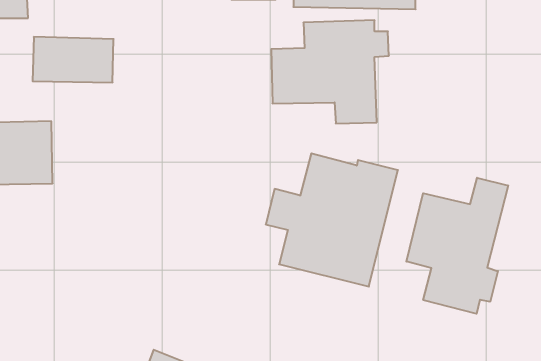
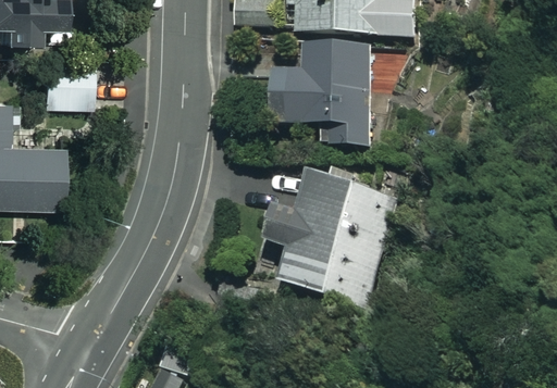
building: [406,178,508,314] -> none

